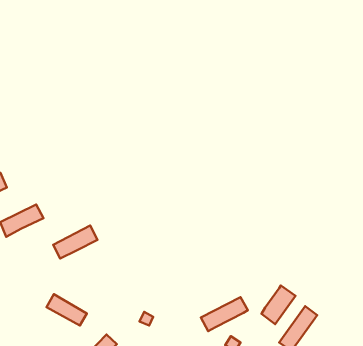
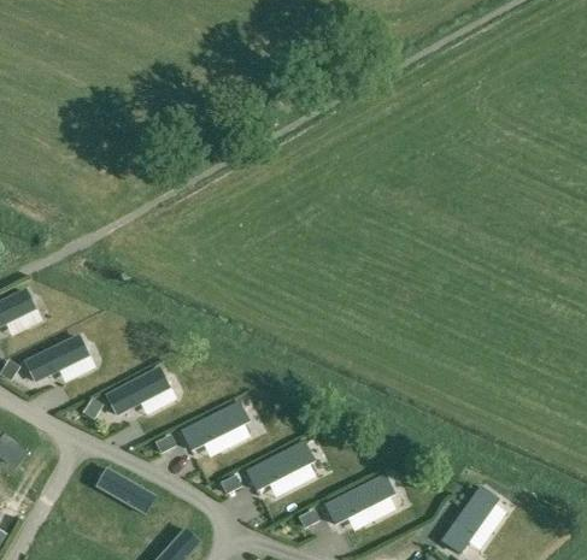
building: none -> [182,401,250,450]
building: none -> [247,441,313,490]
building: [261,286,295,324] -> none

